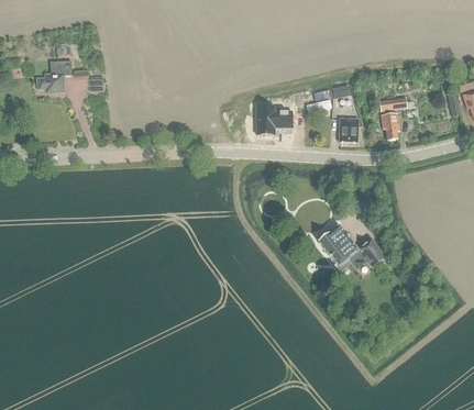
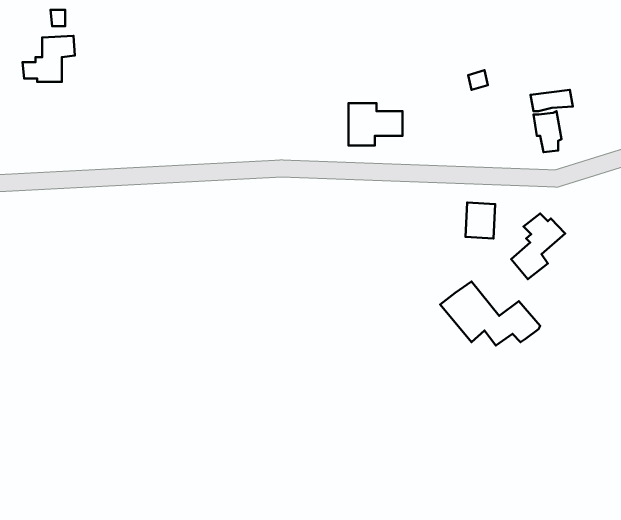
building: [339,118,359,142] -> [466,202,495,239]
building: none -> [511,213,565,279]

